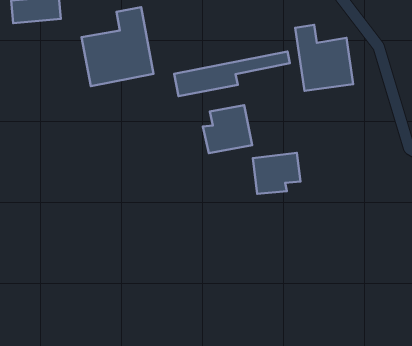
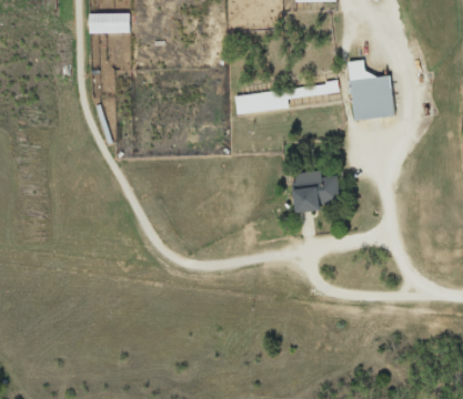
building: [81,7,154,86] -> none
building: [203,105,252,153] -> none

